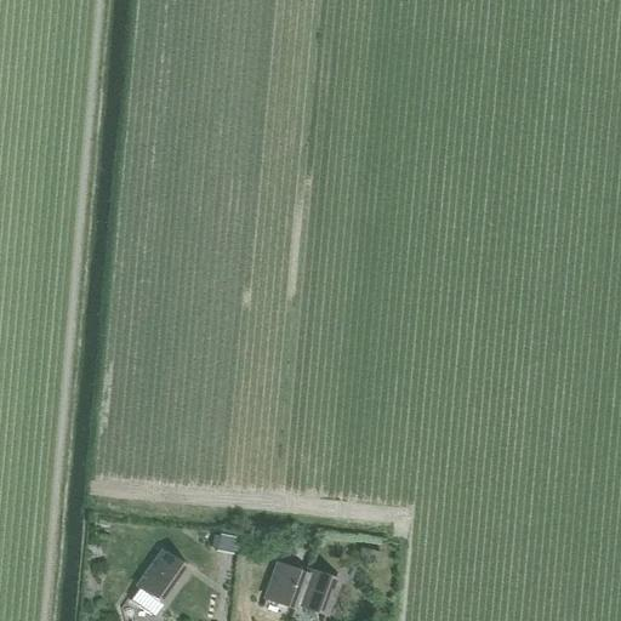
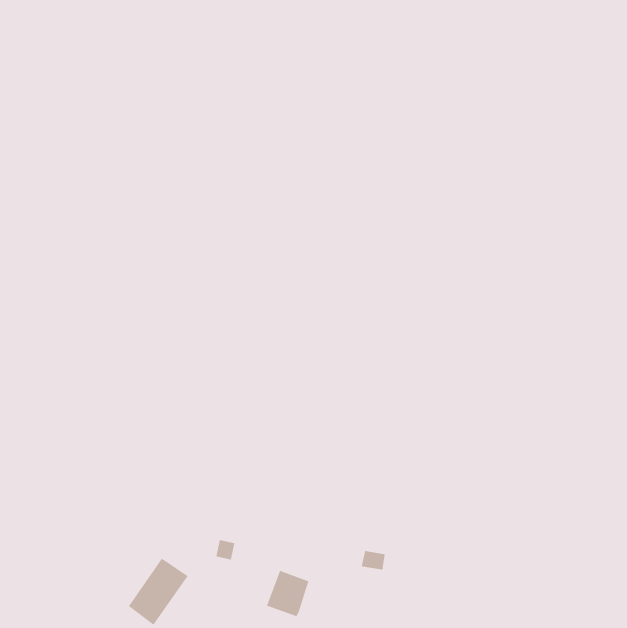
building: [297,568,338,613] -> none

